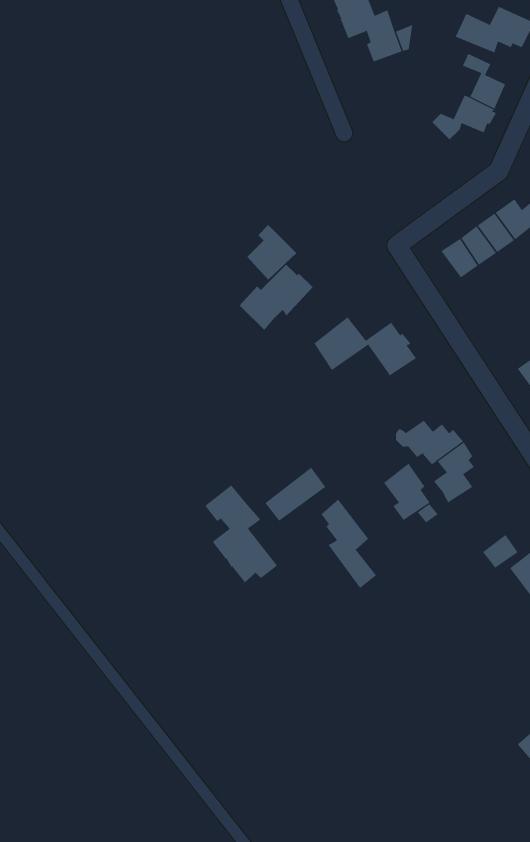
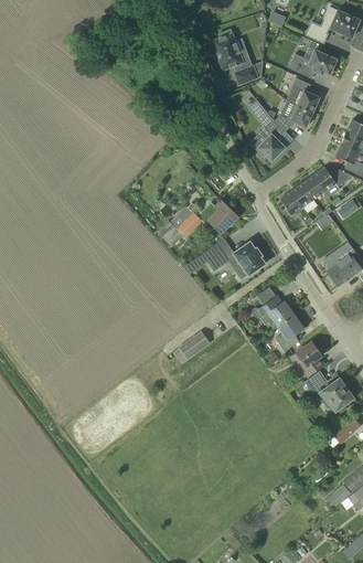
building: none -> [254,119,286,161]
building: [246,224,297,281] -> [207,200,238,234]
building: [383,463,431,521] -> [296,341,324,376]
building: [205,484,278,583] -> none
building: [321,499,377,589] -> none

